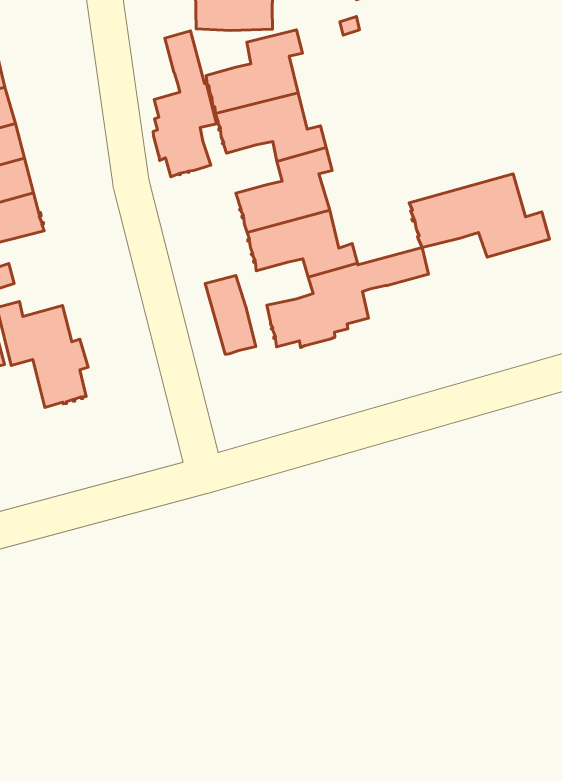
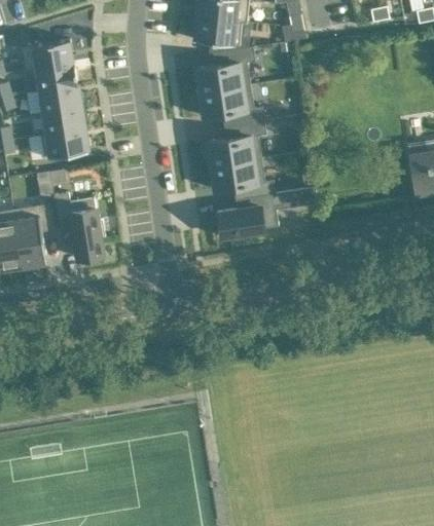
building: [153,31,216,177] -> none
building: [409,174,549,257] -> none
building: [205,276,256,354] -> none

